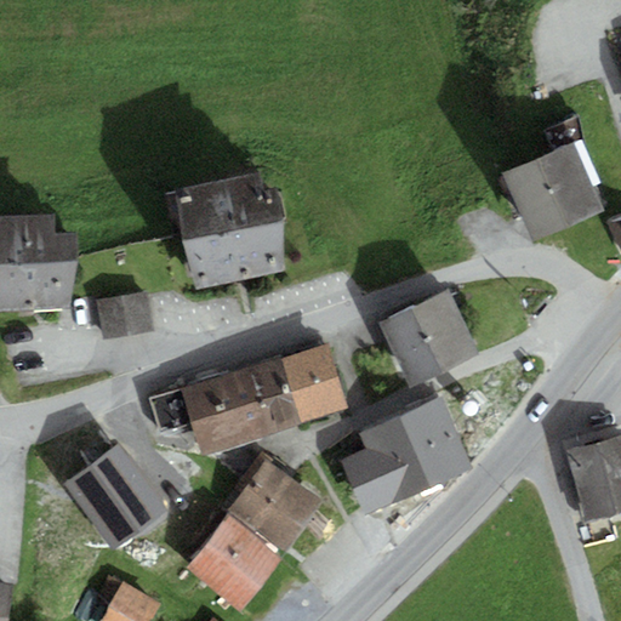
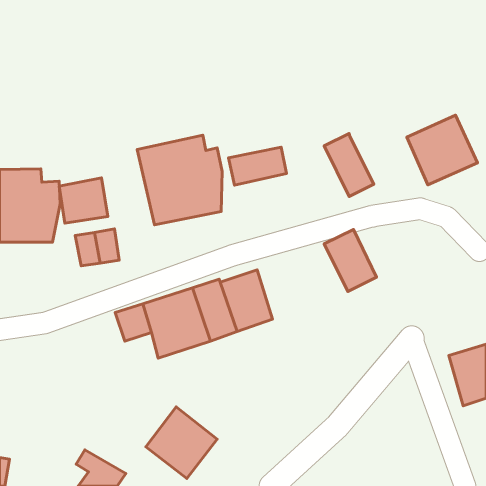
building: none -> [228,147,287,185]
building: none -> [59,178,108,223]
building: [380,307,443,387] -> [324,134,374,196]
building: [340,399,469,513] -> none
building: [62,445,167,552] -> none
building: [226,461,318,551] -> none

